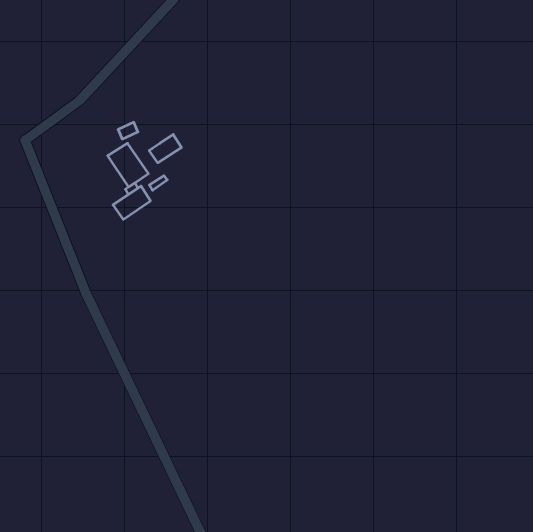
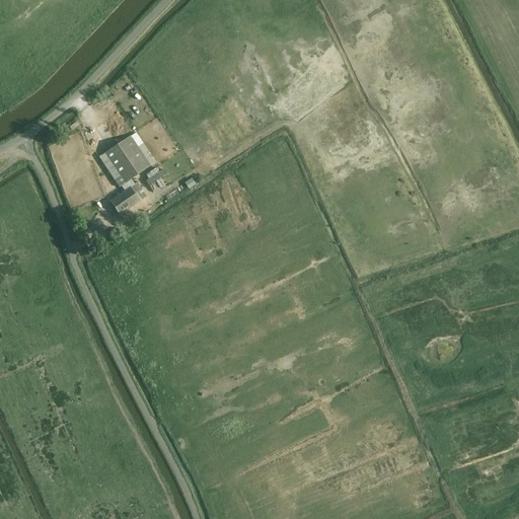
building: [149,134,181,163] -> none

